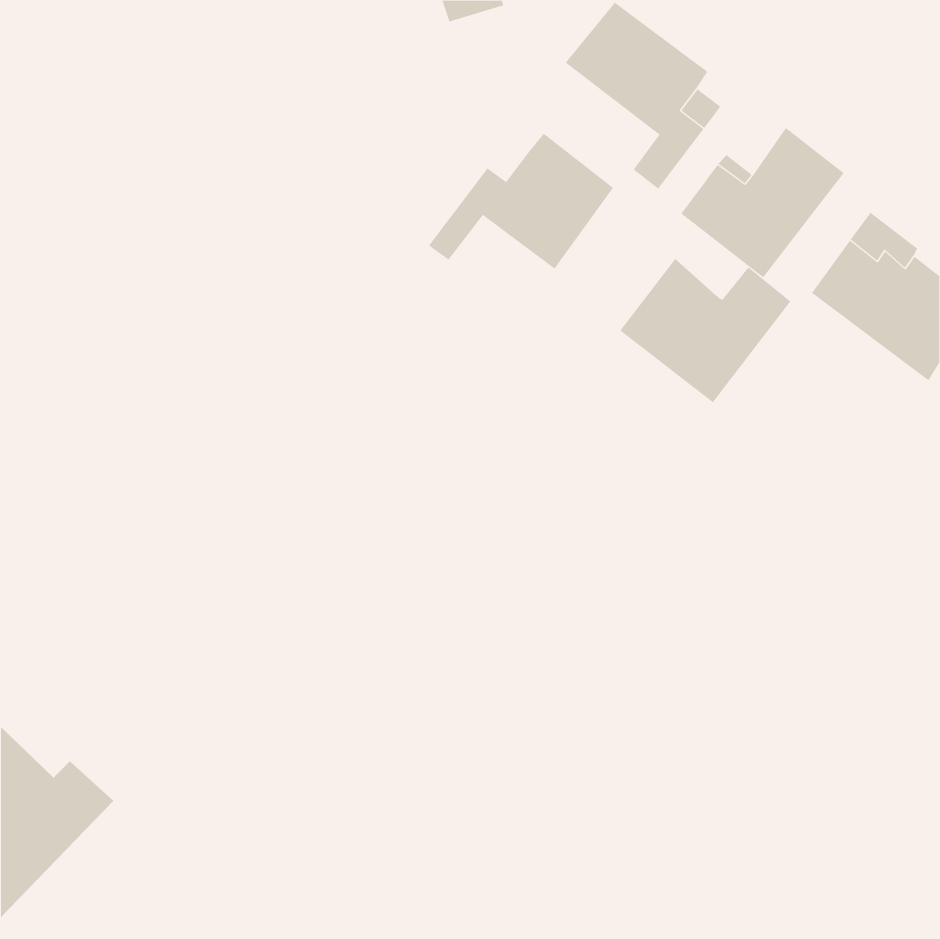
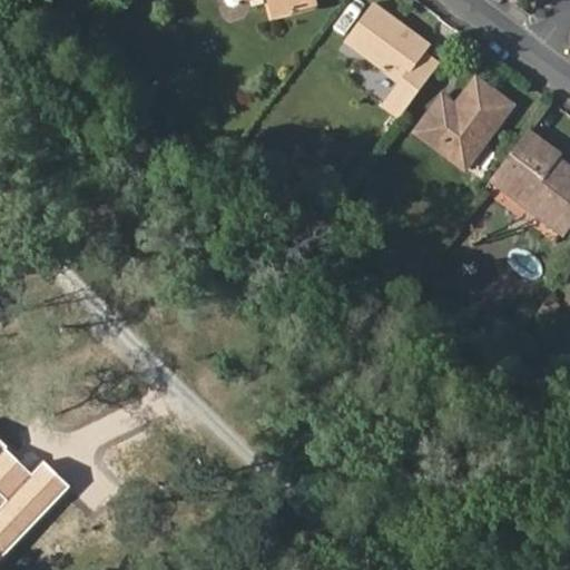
building: [428,133,614,269] -> none
building: [619,258,791,403] -> none

